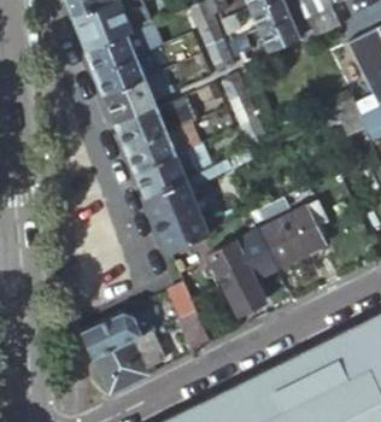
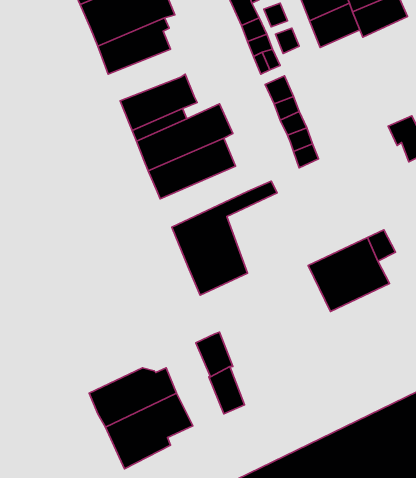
building: [94,53,153,95] -> none
building: [136,148,207,198] -> none
building: [209,229,275,311] -> none

